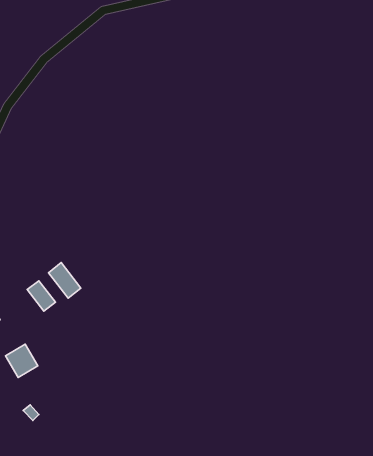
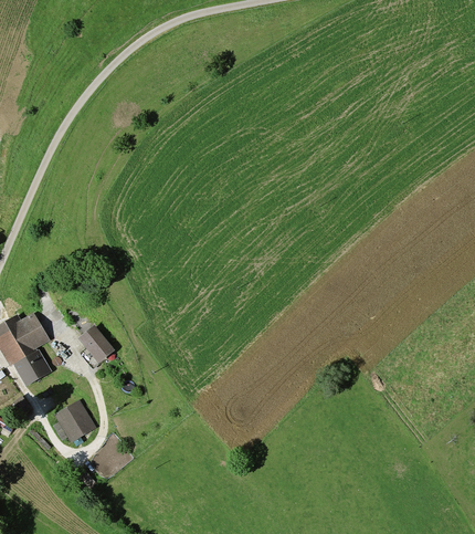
building: [49,263,81,298] -> none

